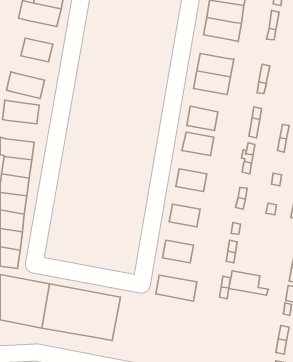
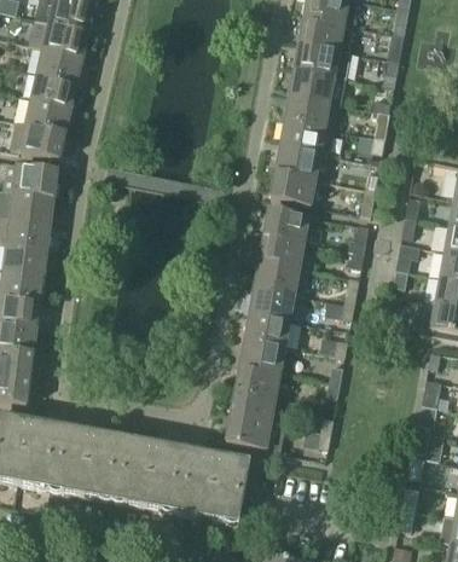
building: none -> [36,46,82,80]
building: none -> [289,66,334,100]
building: none -> [24,97,70,132]
building: none -> [274,144,319,178]
building: none -> [8,190,53,221]
building: none -> [259,233,309,268]
building: none -> [249,285,294,318]
building: none -> [239,336,284,370]
building: [229,271,268,295] -> [230,388,286,423]
building: none -> [162,445,249,518]

